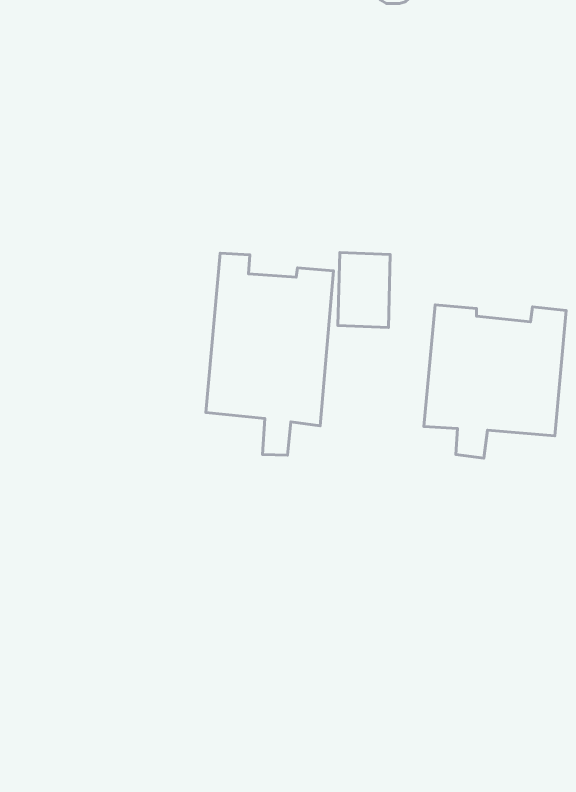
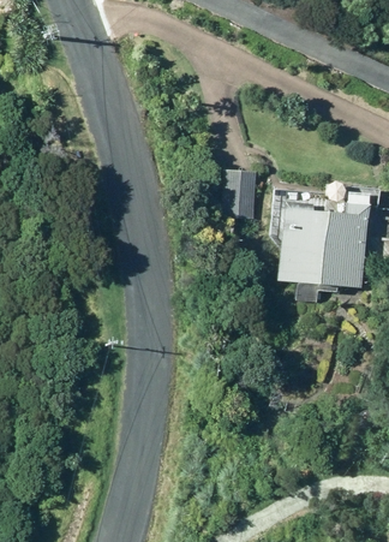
building: [206,253,334,455] -> none

